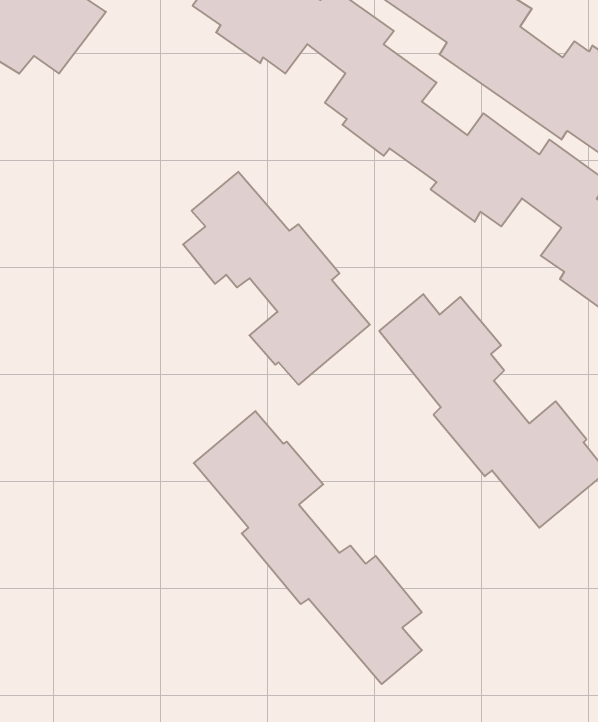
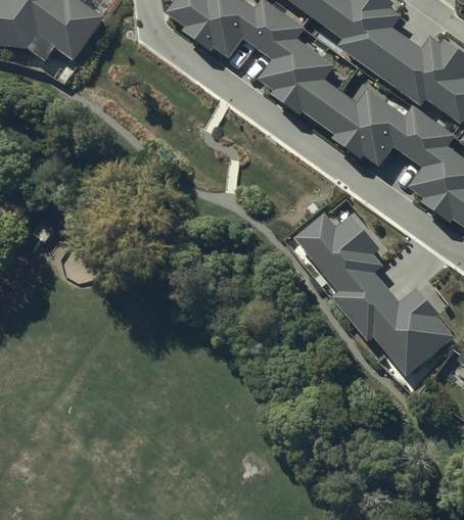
building: [183,172,370,385] -> none
building: [194,411,422,684] -> none

